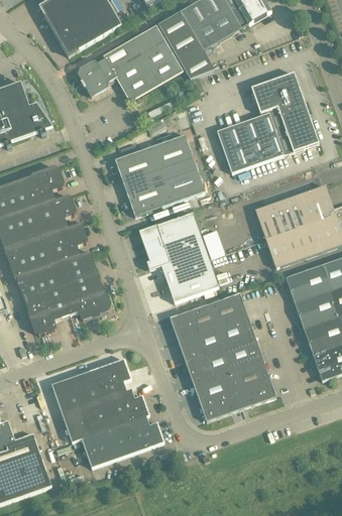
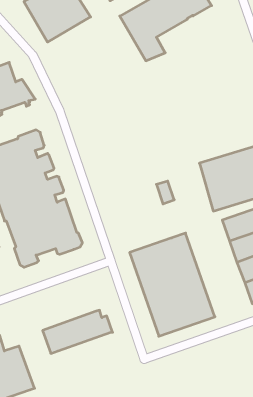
building: [77,24,183,101] -> none
building: [216,72,318,172] -> none
building: [114,134,205,216] -> none
building: [138,211,218,301] -> none
building: [51,359,130,413] -> none
building: [81,415,163,467] -> none

